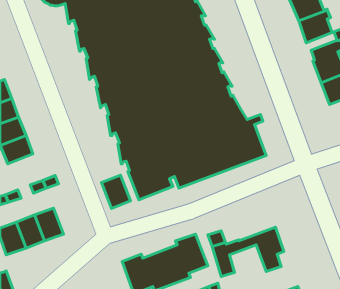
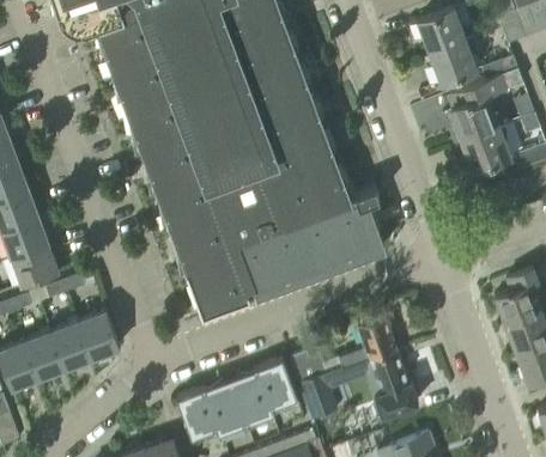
building: none -> [12,244,59,286]
building: [101,175,131,208] -> [78,311,120,359]
building: none -> [340,316,396,368]

